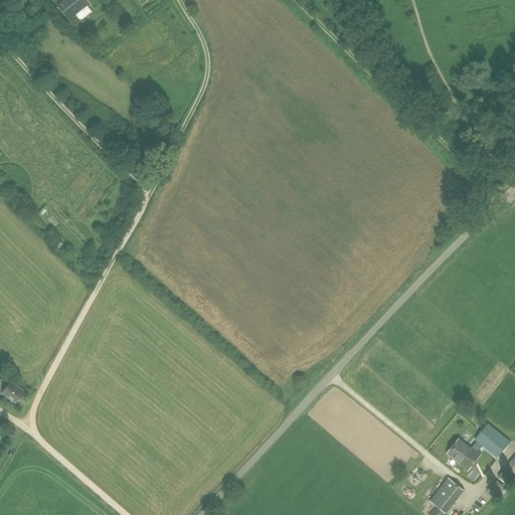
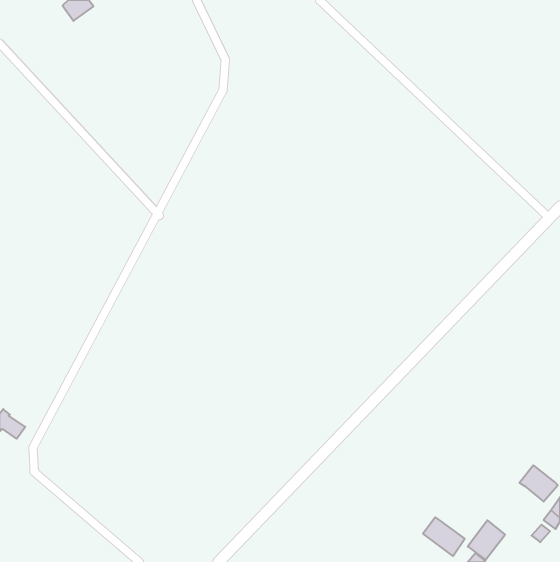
building: [446,439,481,471] -> none
building: none -> [423,517,465,556]

